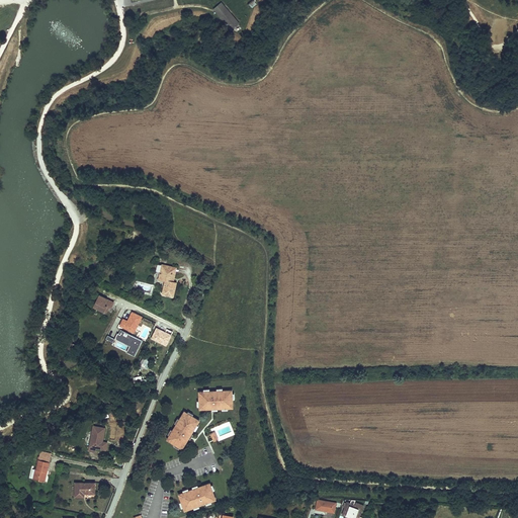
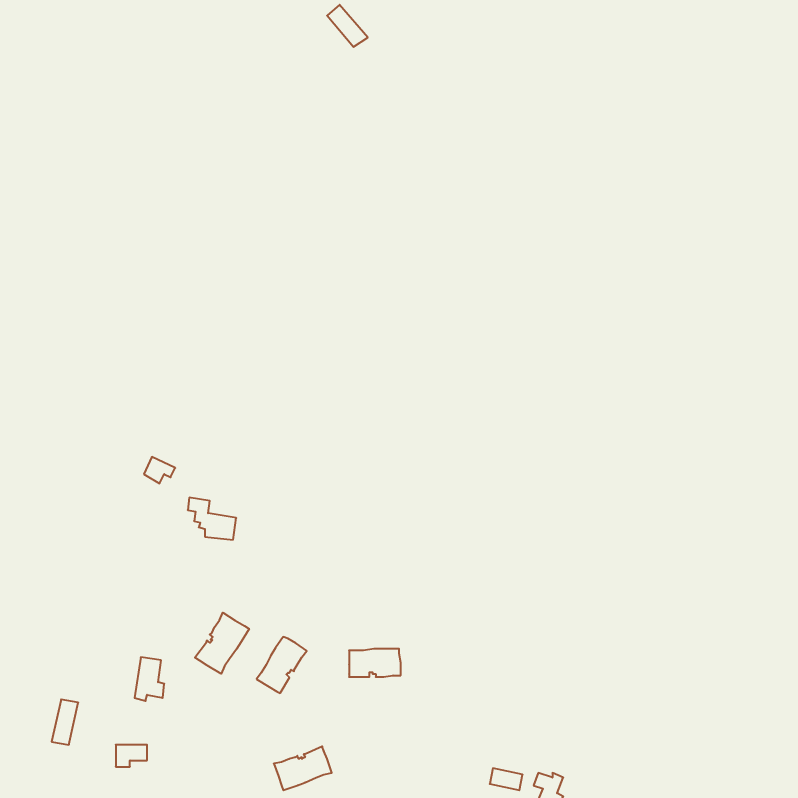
building: [153,264,176,296] -> none
building: [198,392,232,410] -> [349,649,401,677]
building: none -> [195,613,249,674]

